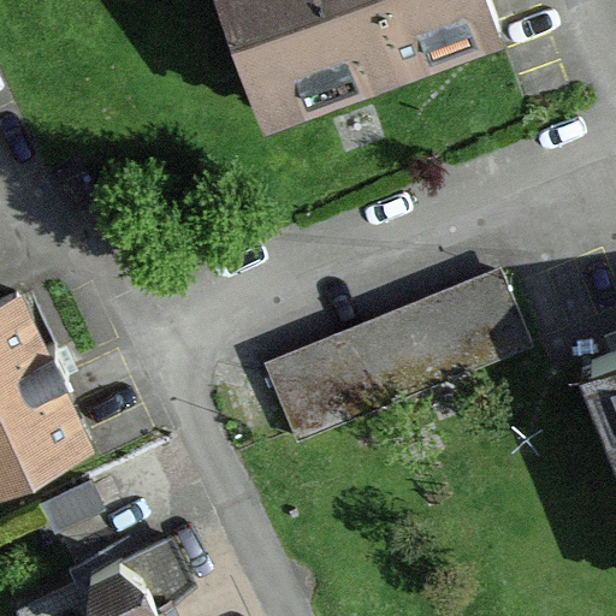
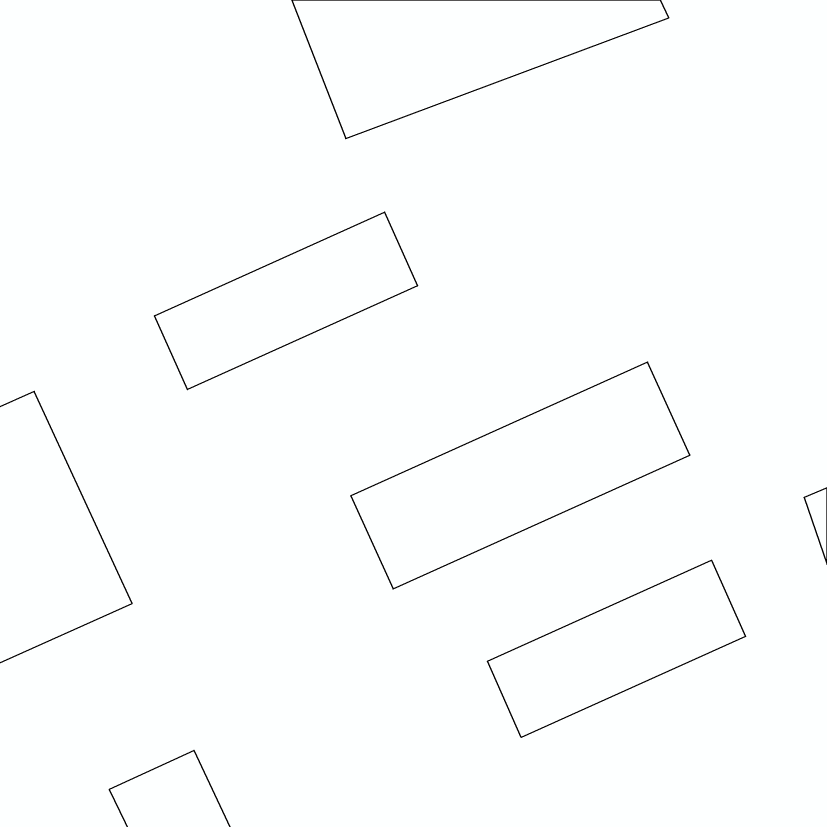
building: none -> [155,212,417,390]
building: none -> [487,560,746,737]

